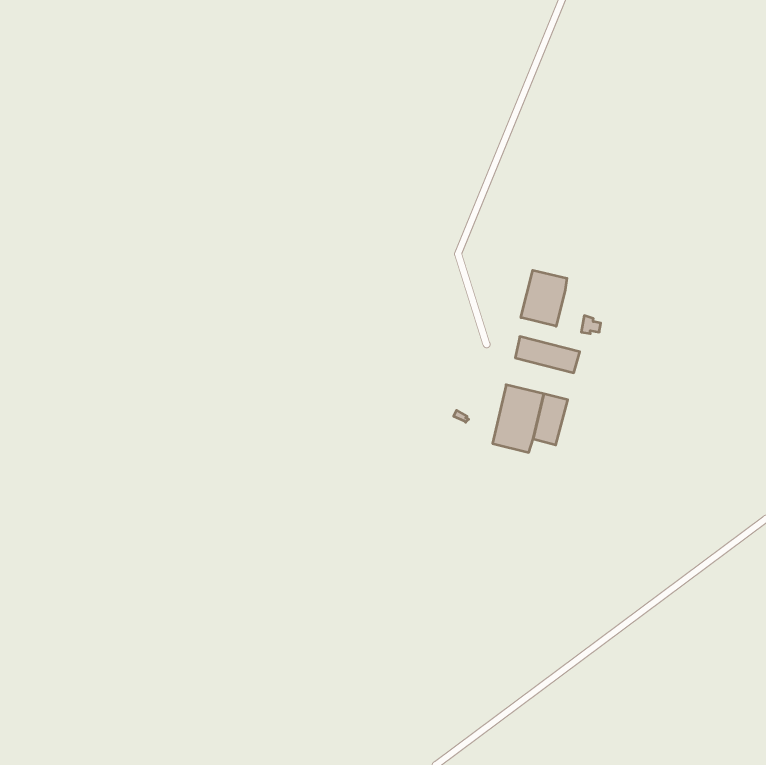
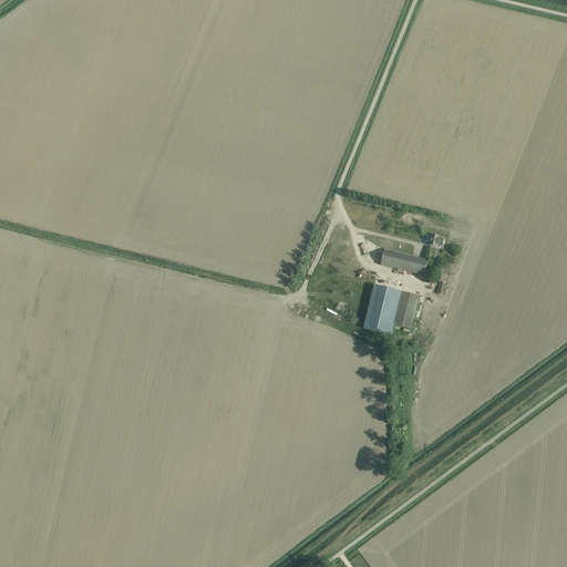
building: [521,270,567,326] -> none

